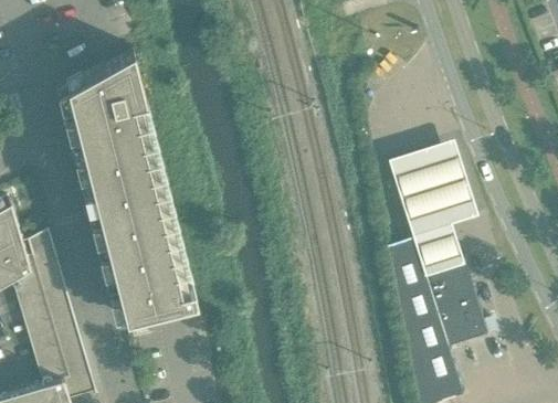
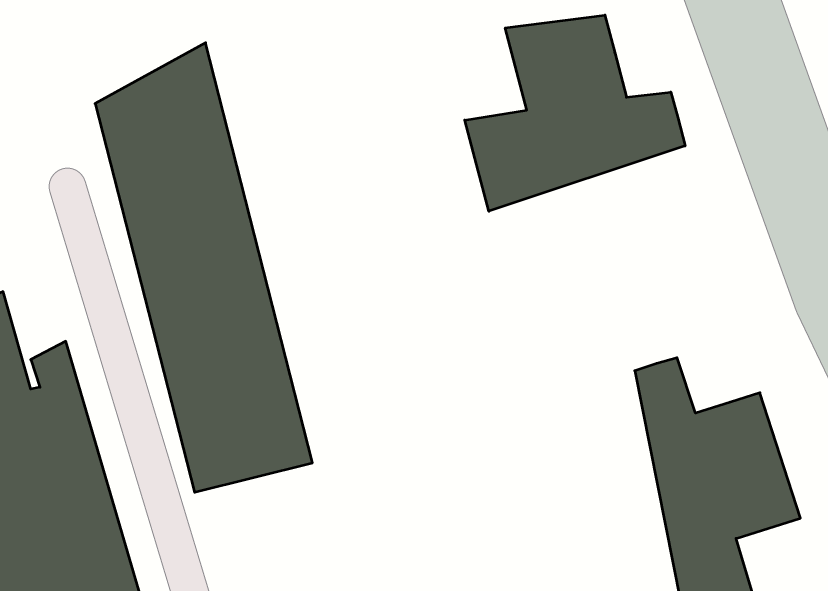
building: none -> [465,15,685,211]
building: [388,139,477,273] -> none

